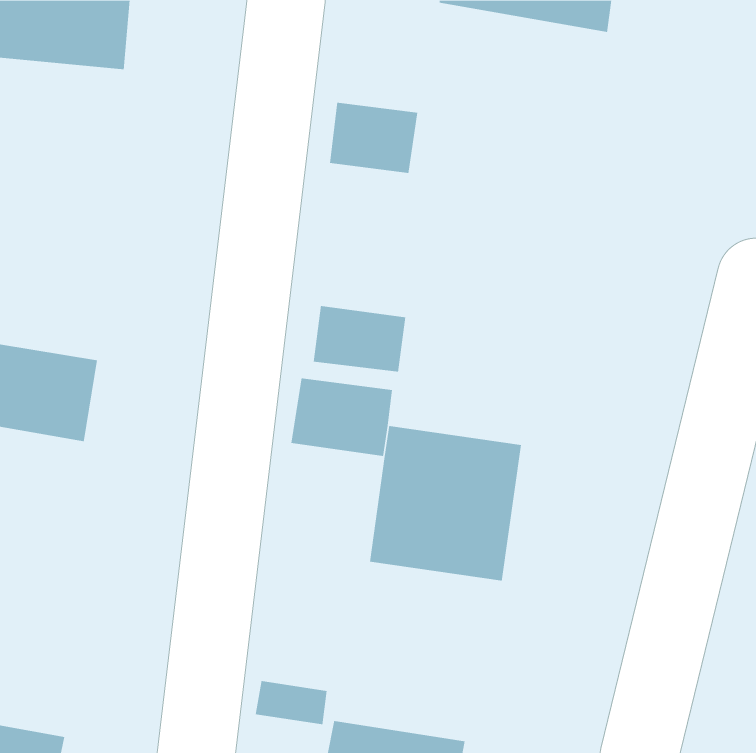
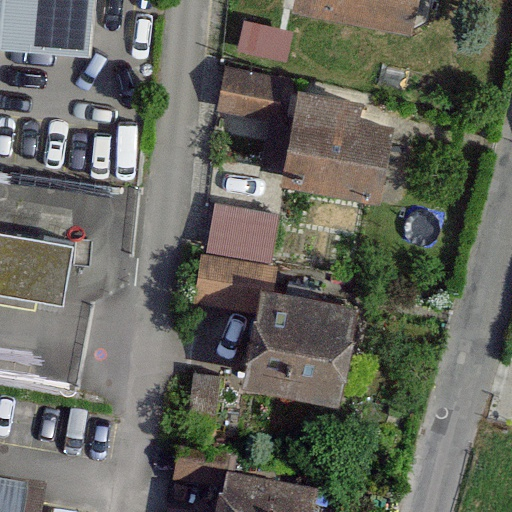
building: none -> [283,92,389,197]

